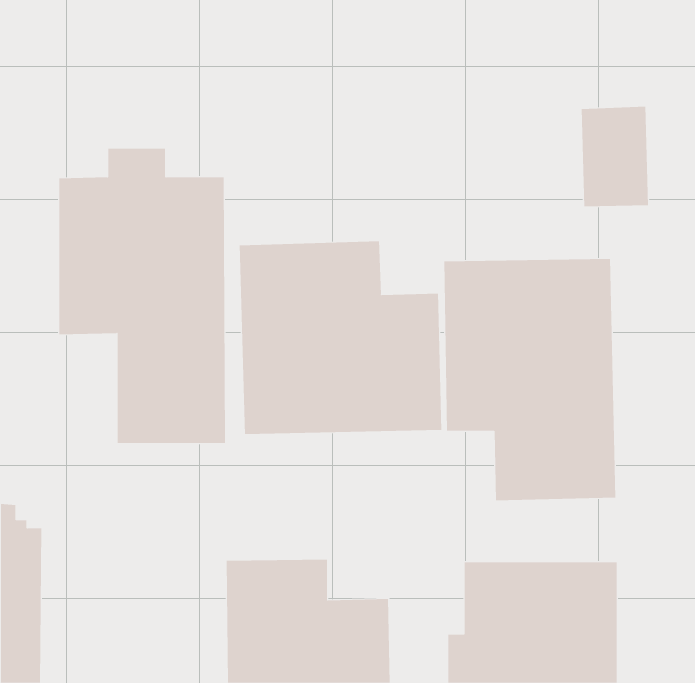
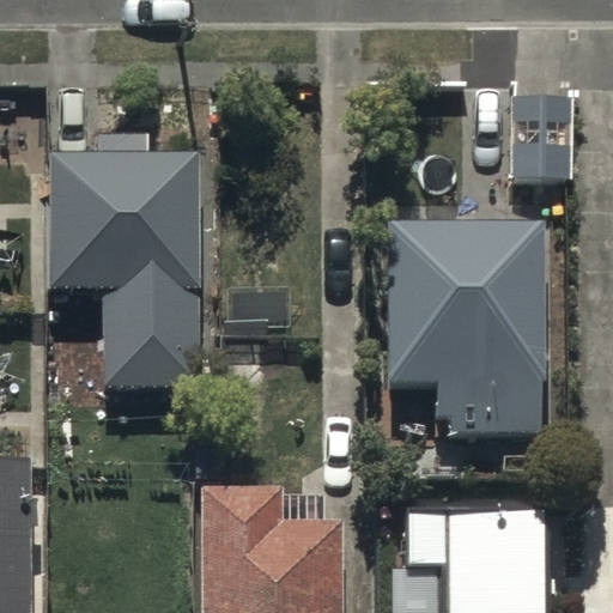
building: [239,240,442,435] -> none

